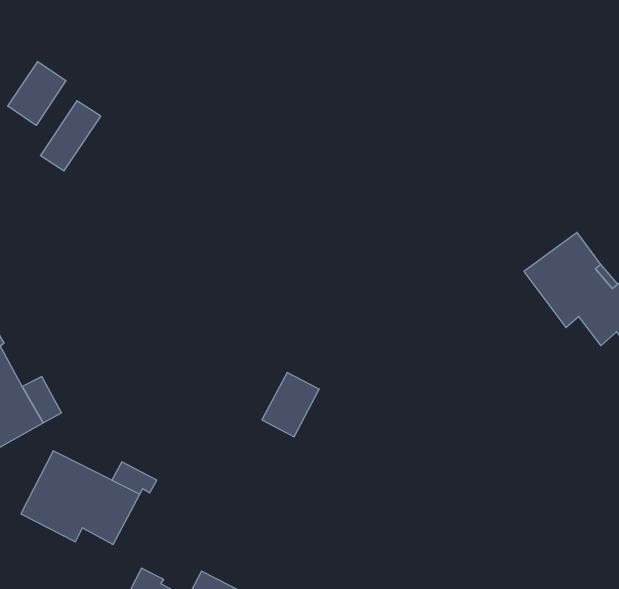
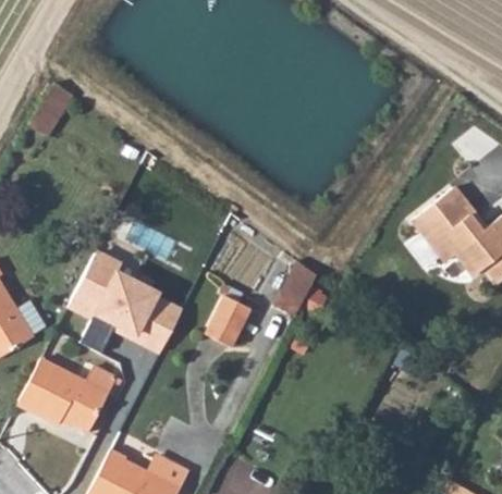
building: [8,61,66,125] -> none
building: none -> [70,252,176,345]
building: none -> [269,260,317,317]

